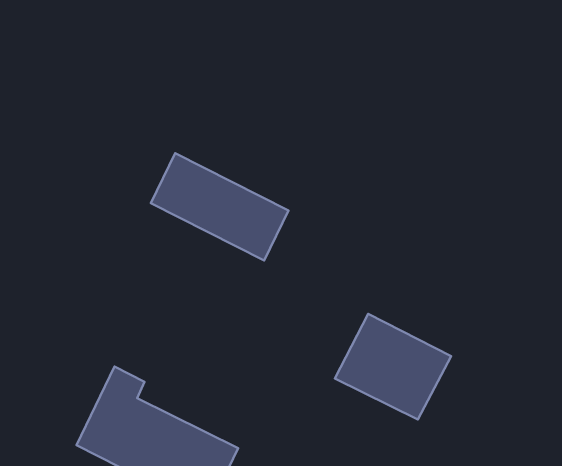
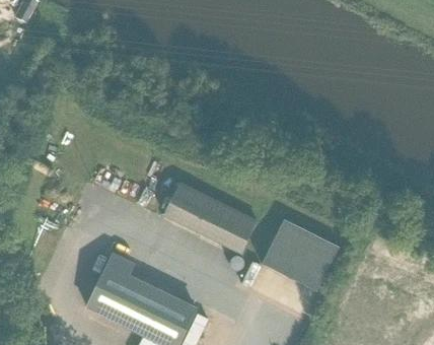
building: [151,153,288,260] -> [163,181,256,253]

